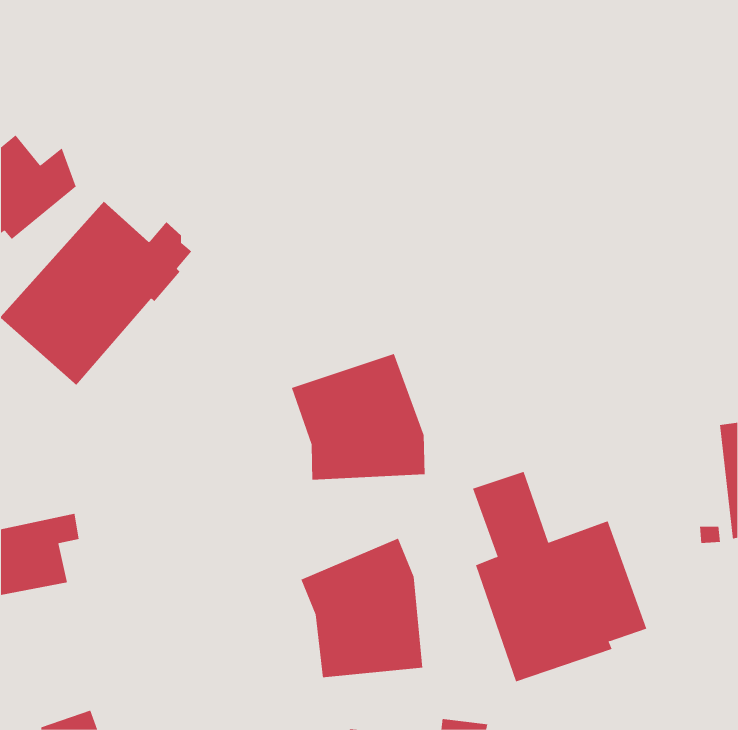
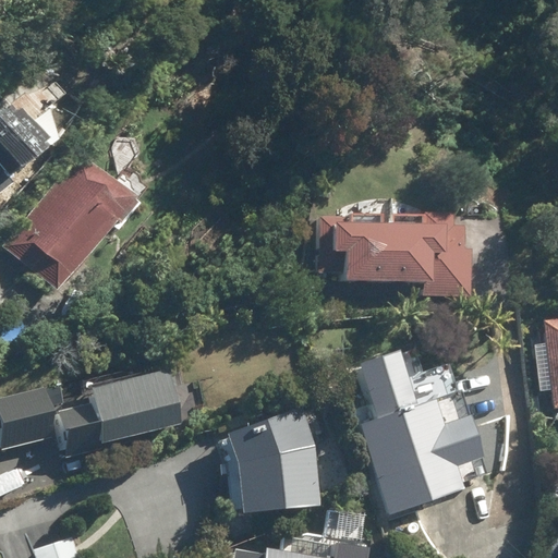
building: none -> [317,206,469,290]
building: [291,353,425,481] -> none
building: none -> [54,374,182,456]

